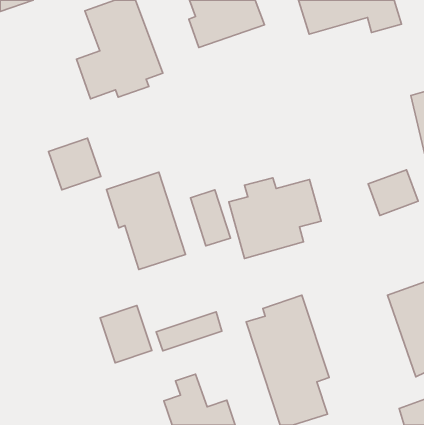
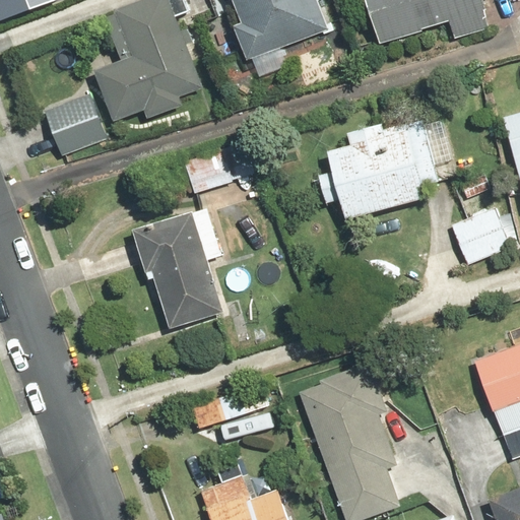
building: [48,138,101,190] -> [44,93,108,156]
building: [229,178,321,258] -> [325,122,438,220]
building: [190,190,230,246] -> none
building: [100,305,152,363] -> none

